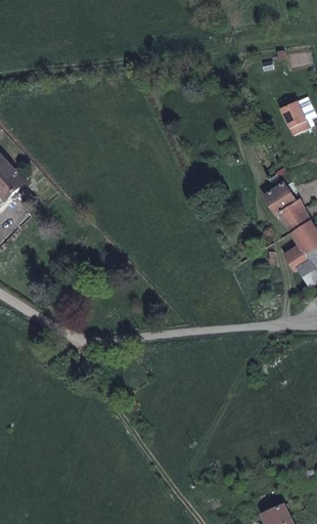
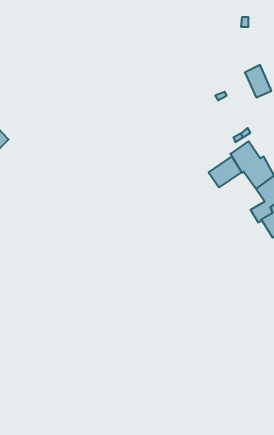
building: none -> [209,157,242,187]

